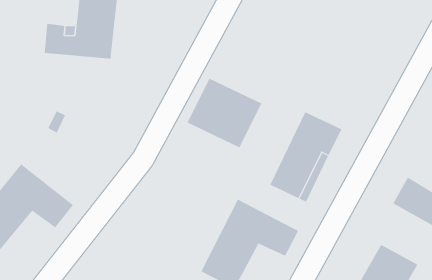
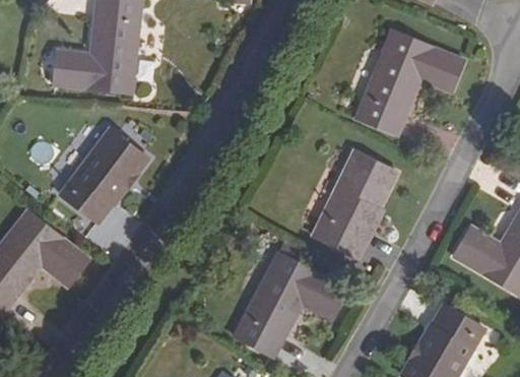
building: none -> [355,32,463,134]
building: [187,78,262,148] -> none
building: none -> [60,129,148,223]

